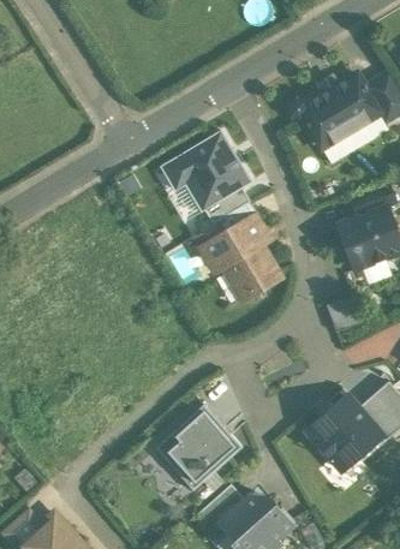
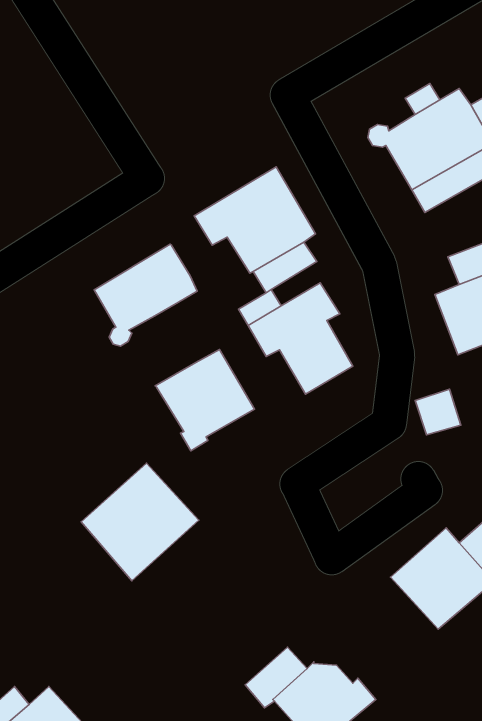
building: none -> [94,244,197,346]
building: none -> [155,349,254,451]
building: [155,405,241,491] -> [81,463,199,581]

